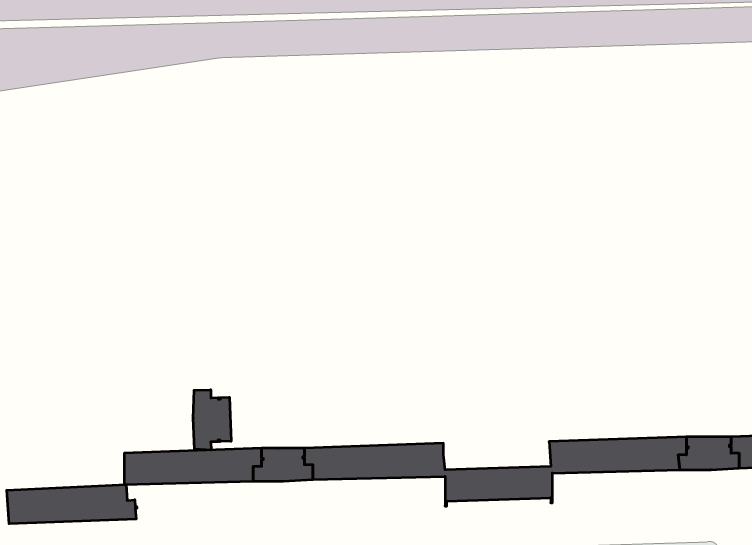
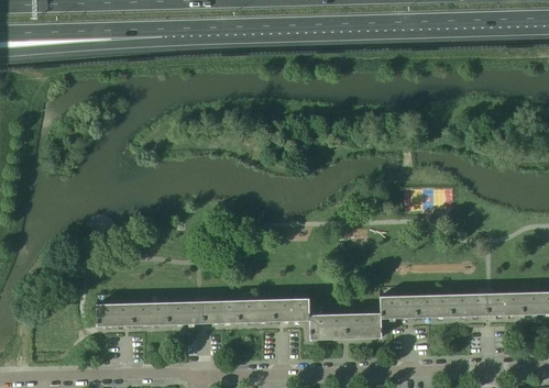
building: [193,390,231,450] -> none
building: [7,485,137,524] -> none

